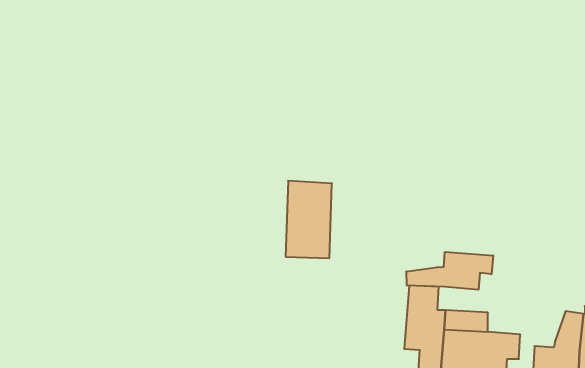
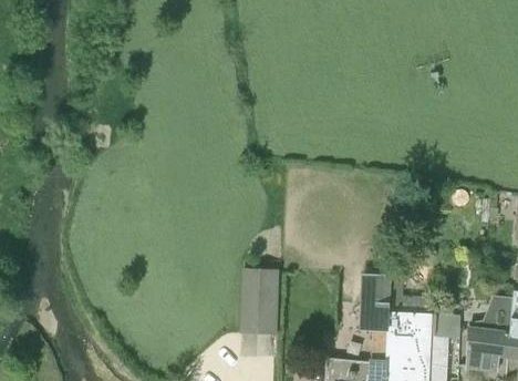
building: [286,181,332,258] -> [239,268,279,334]
building: [406,252,493,290] -> none

